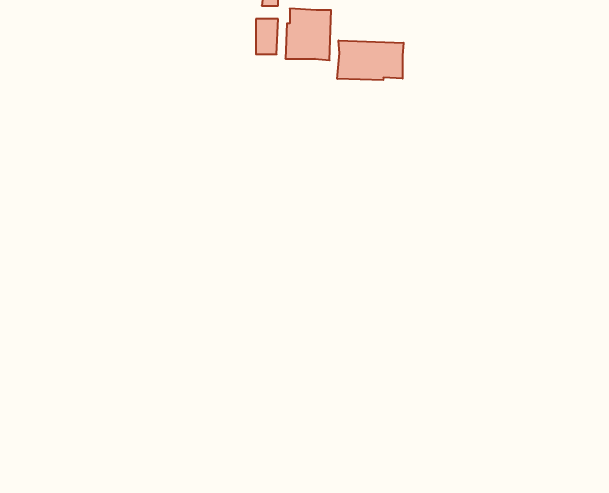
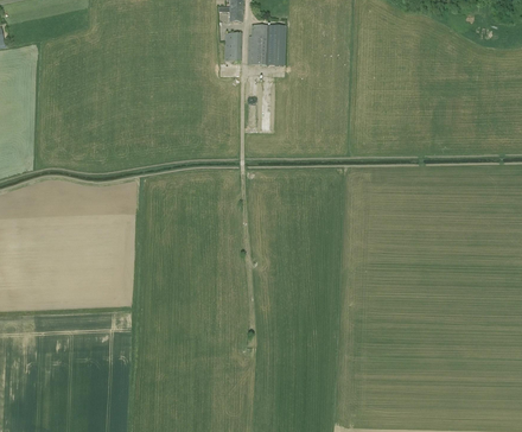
building: [337,40,404,80] -> none

